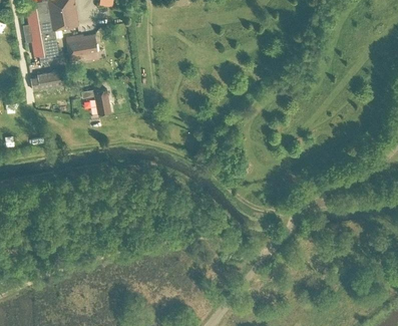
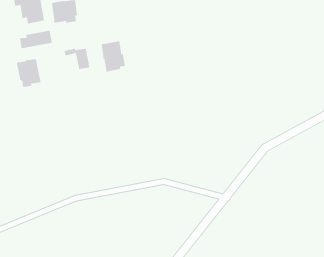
building: none -> [101,40,125,72]
building: none -> [16,58,41,88]

